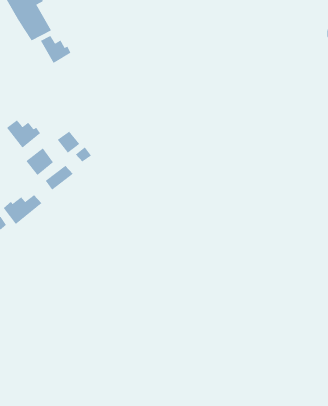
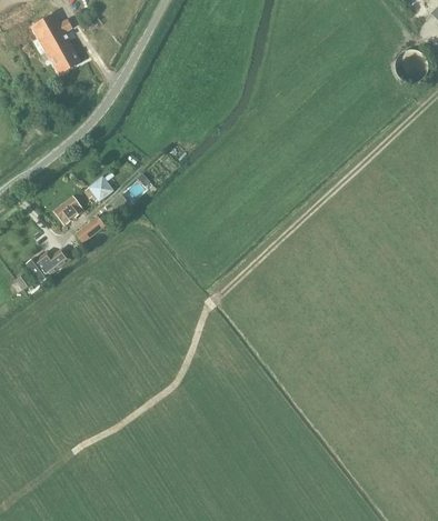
building: [40,35,71,64] -> none
building: [6,120,41,148] -> none

